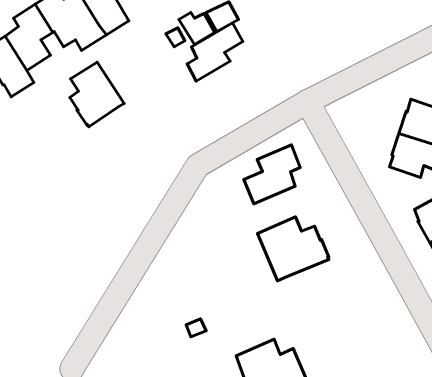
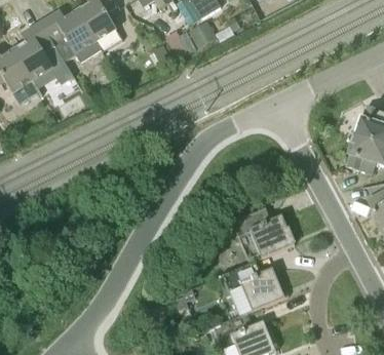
building: [187,23,243,81] -> none
building: [70,62,124,127] -> none
building: [244,145,300,204] -> none
building: none -> [223,259,283,315]

